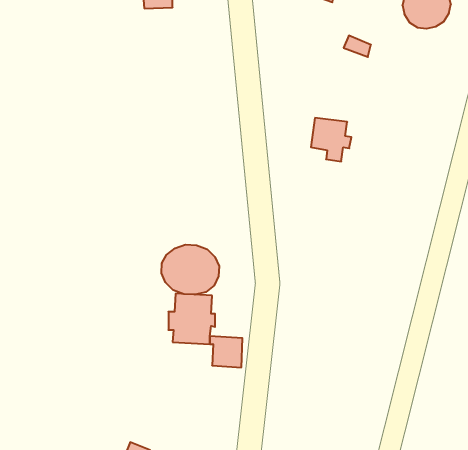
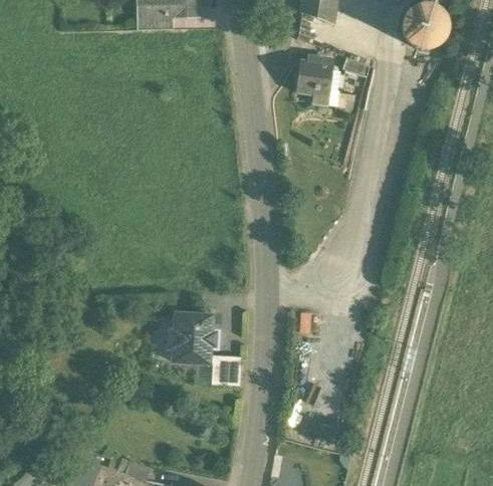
building: [311,118,351,161] -> [296,60,336,103]
building: [161,245,219,295] -> none

